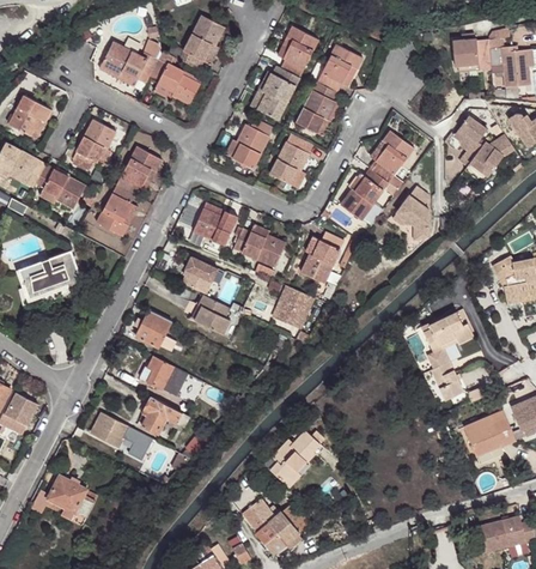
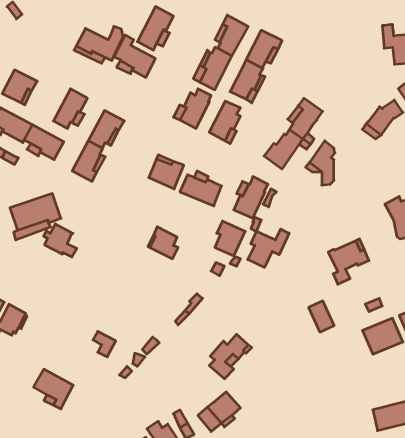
building: [451,38,491,69] -> none
building: [452,114,487,159] -> none
building: [181,256,217,293] -> none
building: none -> [248,229,289,267]
building: [134,309,176,351] -> [44,224,77,257]
building: [139,356,188,397] -> none
building: [430,359,462,399] -> [309,301,334,332]
building: [141,397,189,435] -> none
building: [91,412,128,447] -> none
building: [242,498,275,532] -> none

